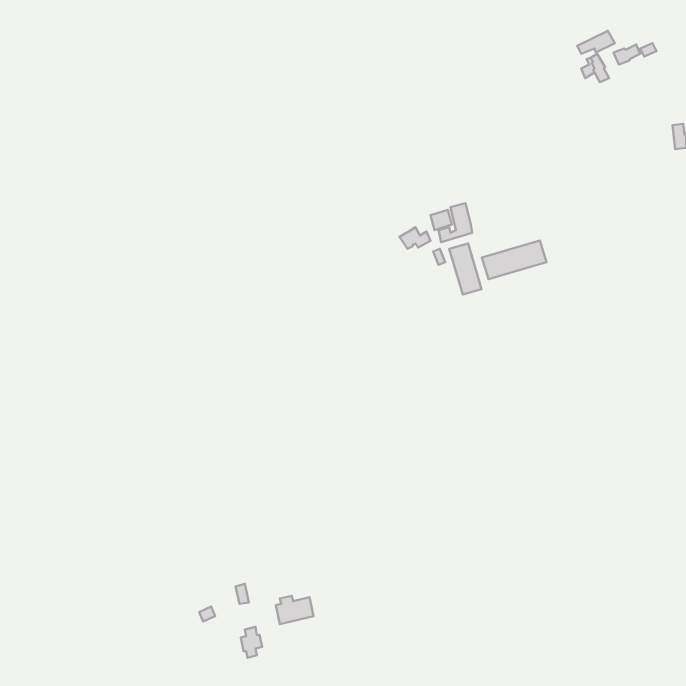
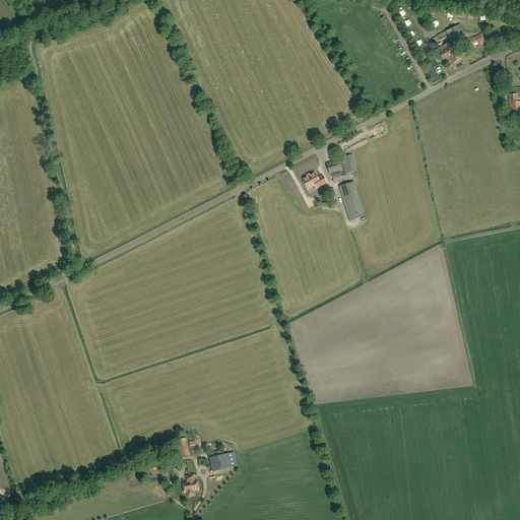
building: [482,241,546,279] -> none

